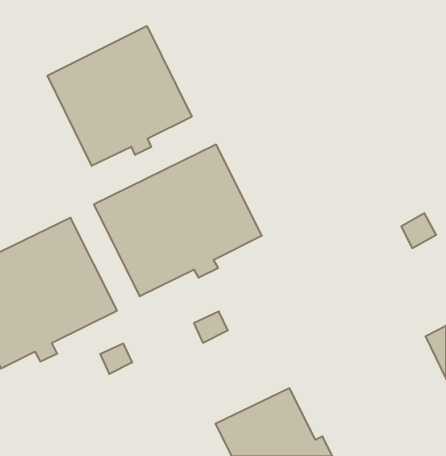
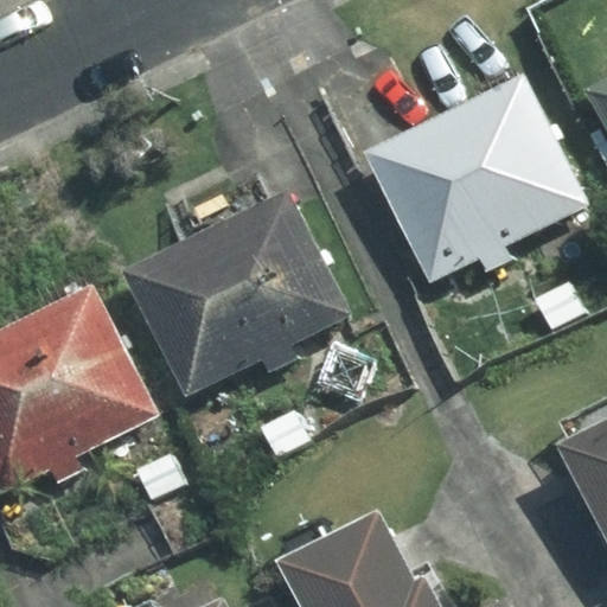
building: [47,26,192,166] -> none
building: none -> [369,78,583,280]

